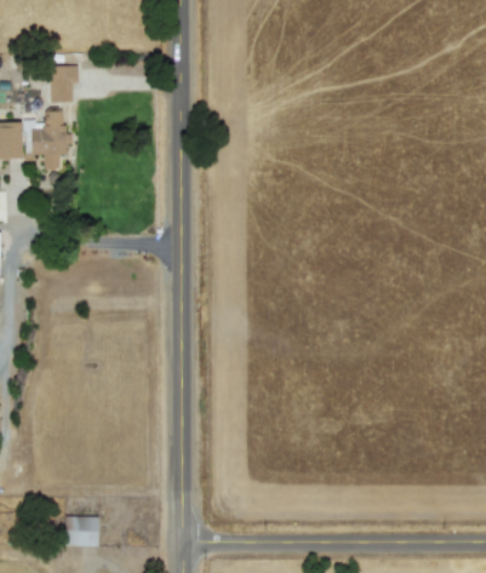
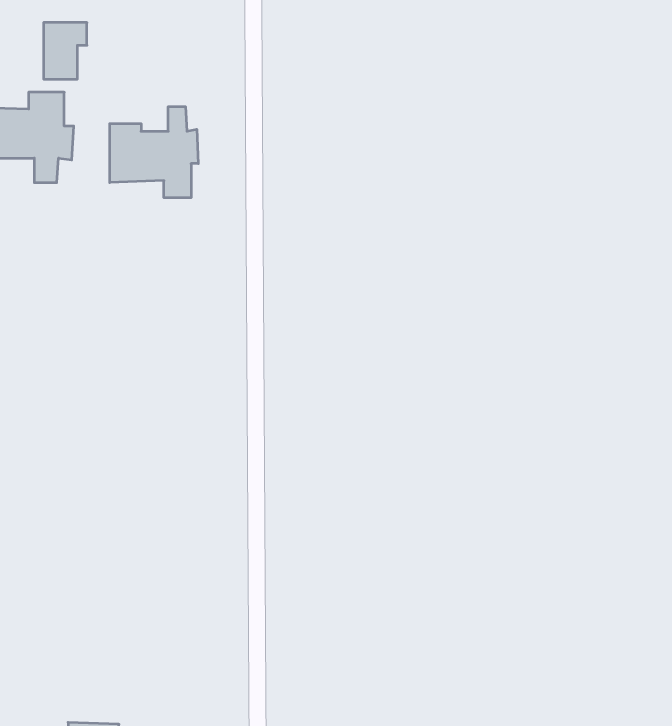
building: none -> [110,107,198,198]

